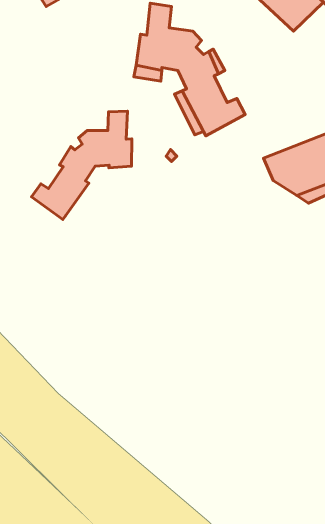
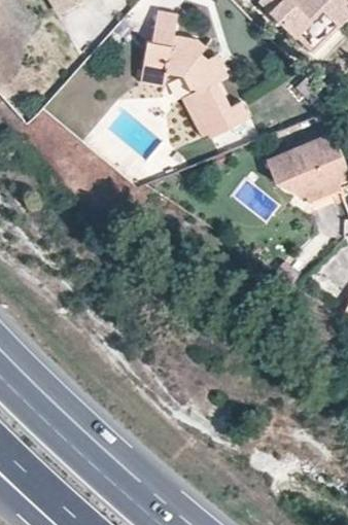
building: [32,111,132,219] -> none

